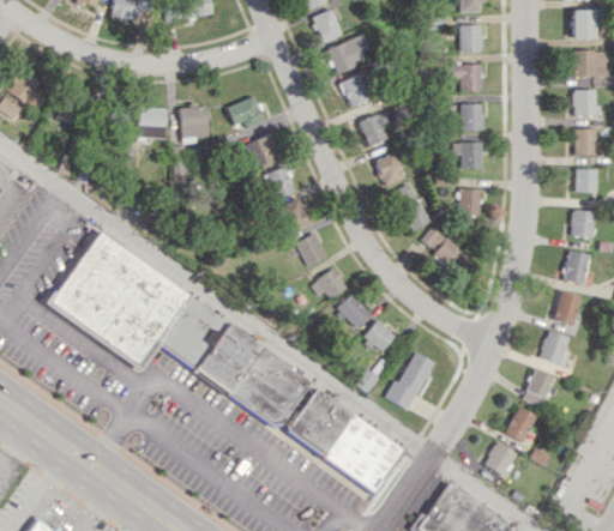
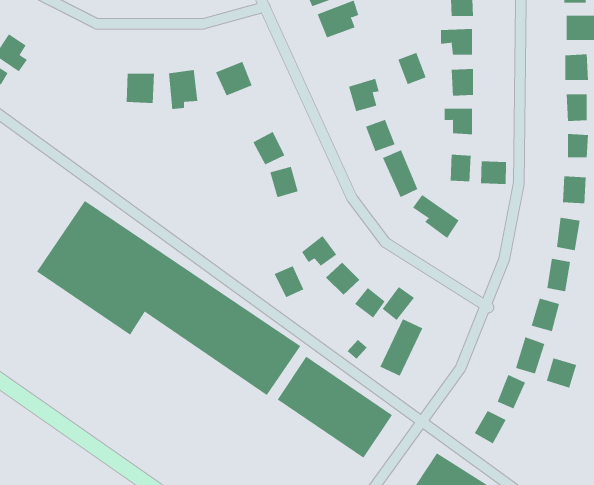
building: [341,74,369,107] -> [398,52,427,85]
building: [243,137,279,167] -> none
building: none -> [480,160,507,185]
building: [296,234,326,266] -> [274,265,304,298]
building: none -> [382,286,415,321]
building: none -> [546,357,577,389]

